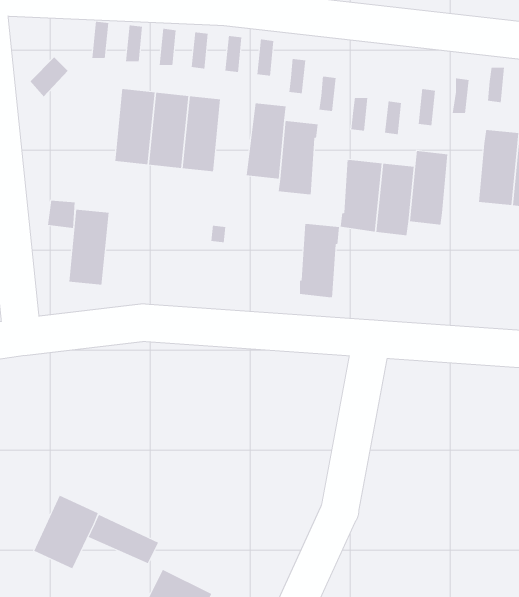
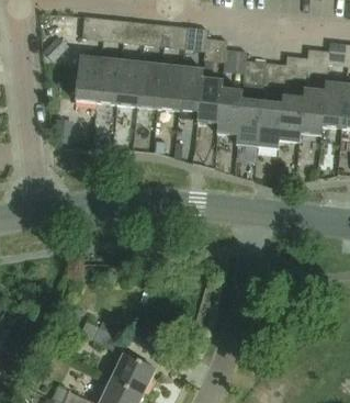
building: none -> [157,63,182,110]
building: none -> [298,88,324,135]
building: [69,209,109,285] -> [75,54,100,101]
building: [299,223,340,298] -> [216,87,241,133]
building: [34,495,99,569] -> none

